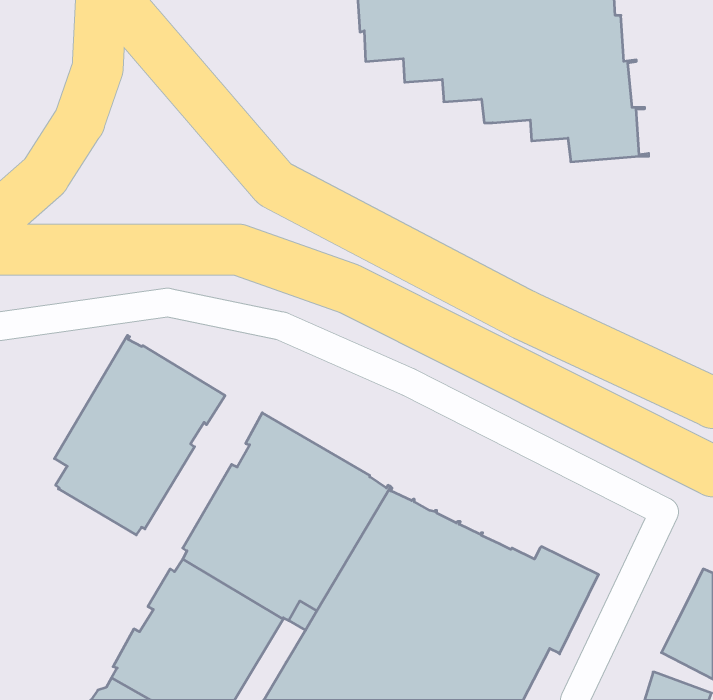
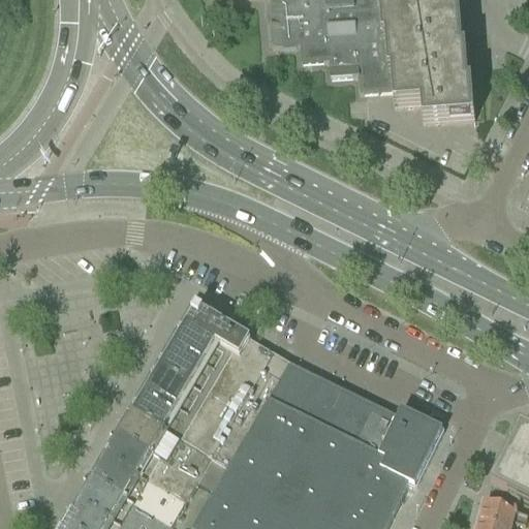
building: [54,335,225,535] -> none

